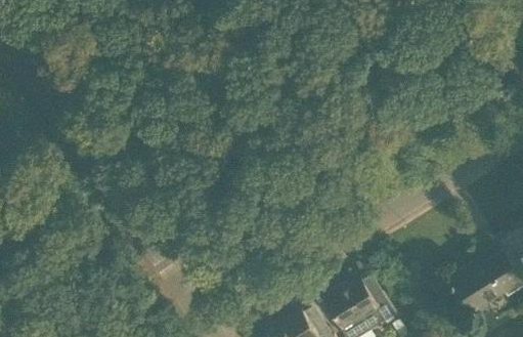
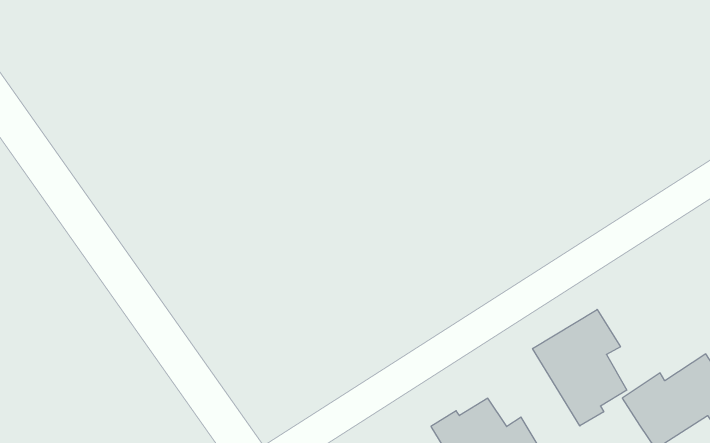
building: none -> [533,309,627,426]

